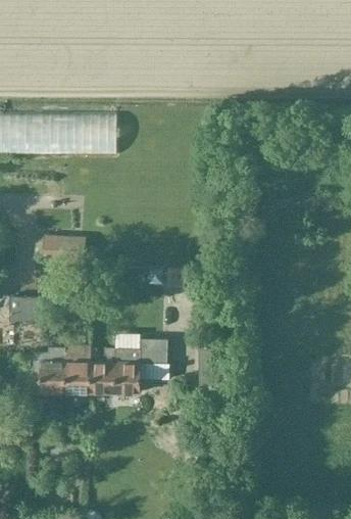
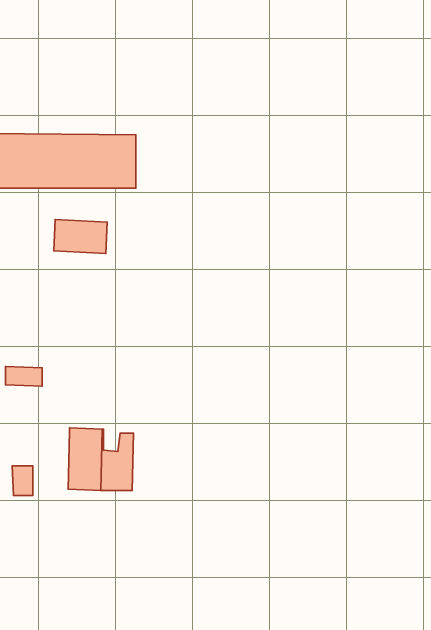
building: [46,237,88,264] -> [54,219,107,253]
building: [116,339,170,394] -> none
building: [35,347,67,392] -> none

